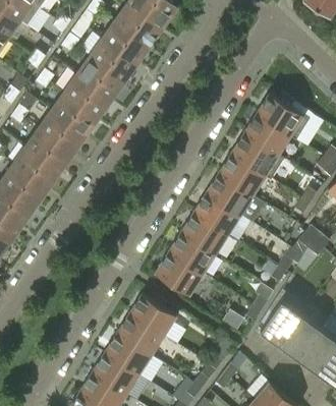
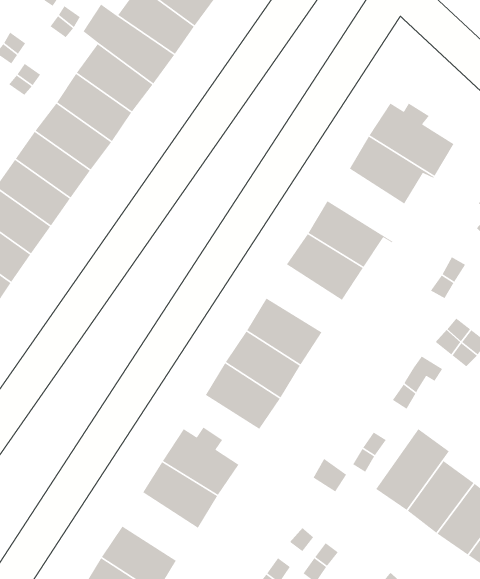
building: [231,133,284,178] -> none
building: [193,192,240,234] -> none
building: [105,333,152,374] -> none

